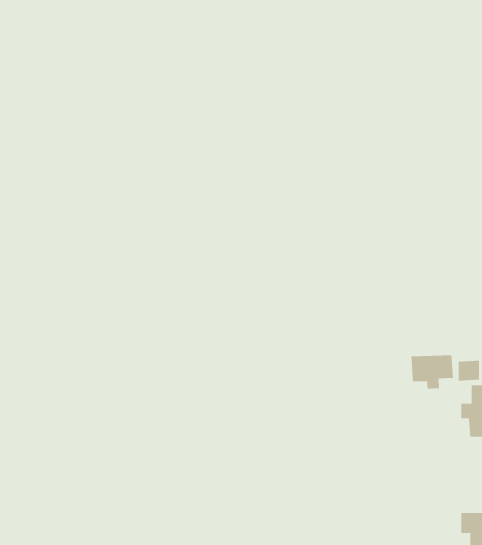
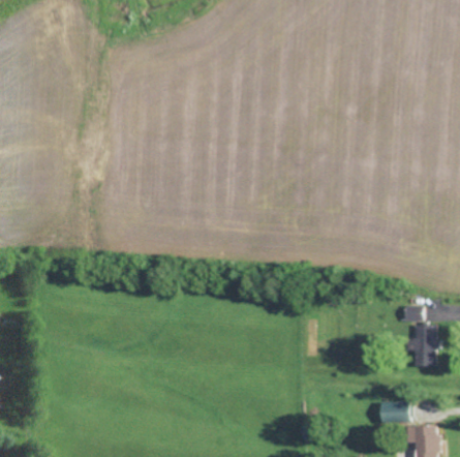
building: [411,355,453,389] -> none
building: none -> [381,401,410,424]

